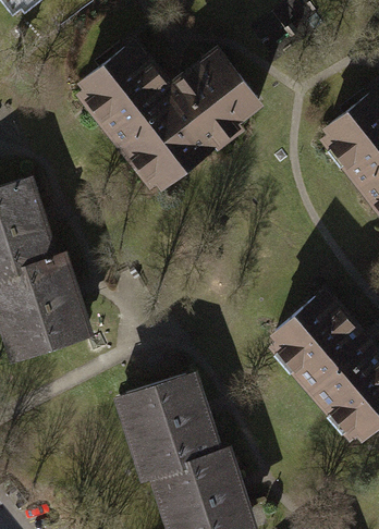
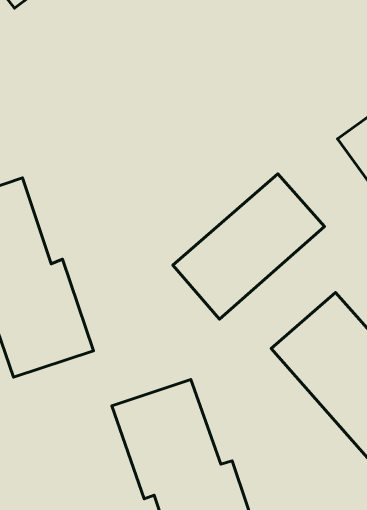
building: [77,44,256,190] -> none
building: none -> [173,174,325,319]

